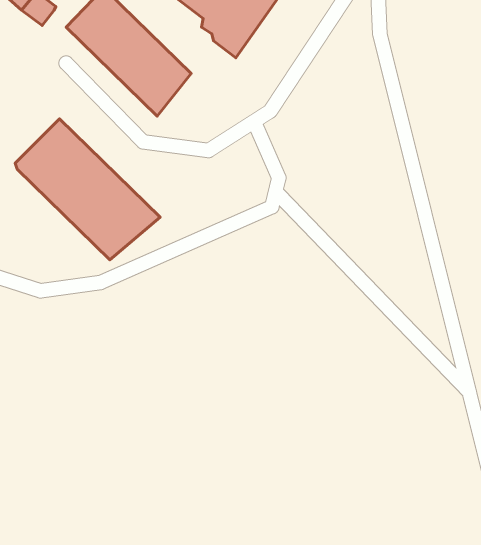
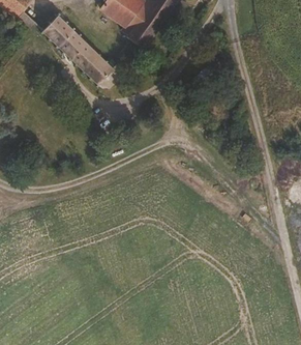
building: [15,119,160,260] -> none

